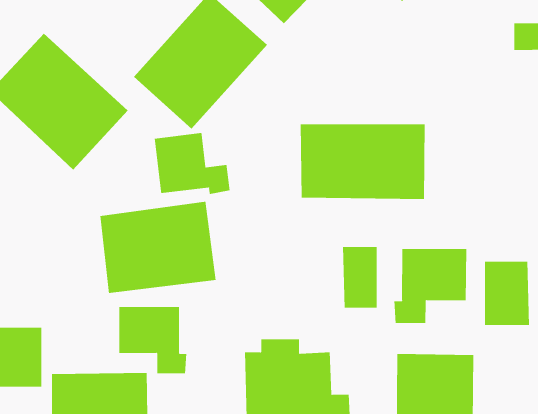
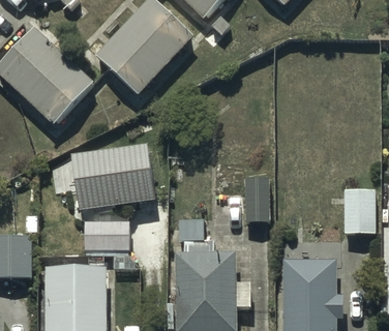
building: [300,124,425,200] -> none
building: [154,132,230,195] -> none
building: [394,248,467,324] -> none

